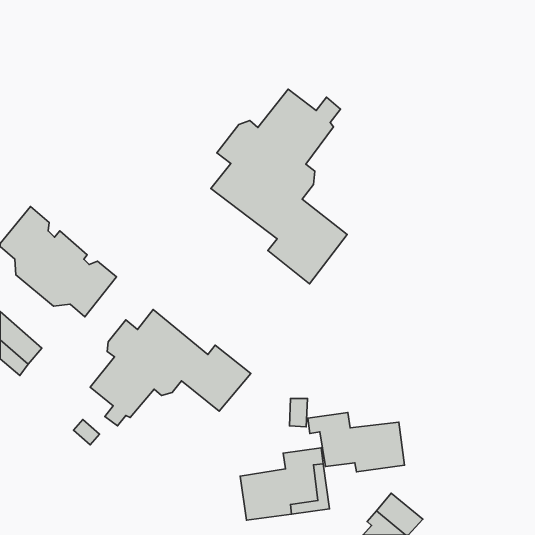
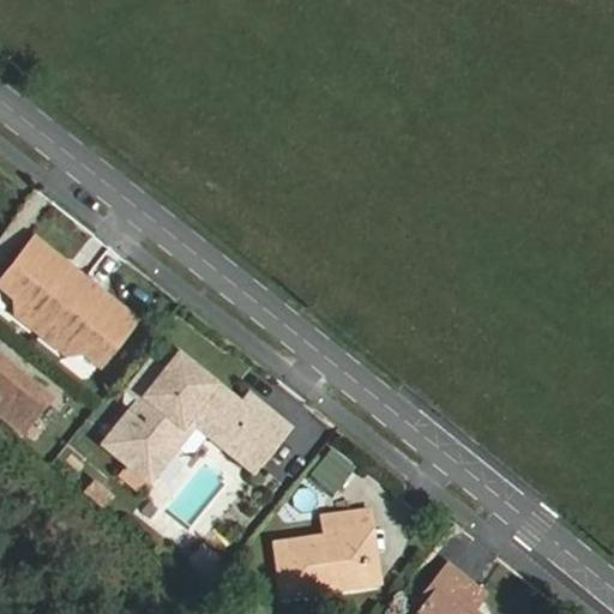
building: [211,89,347,284] -> none
building: [308,412,405,472] -> none

